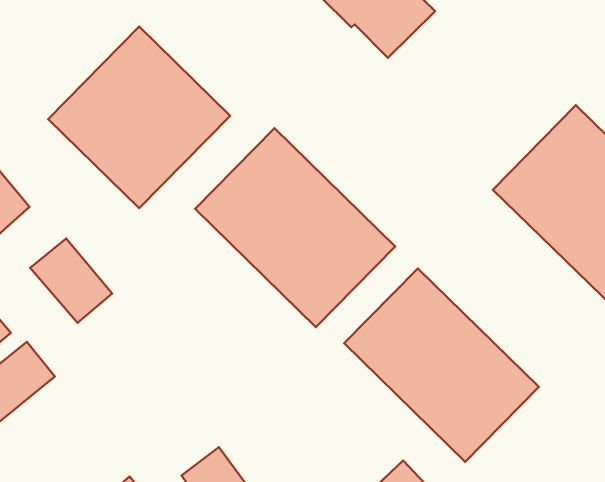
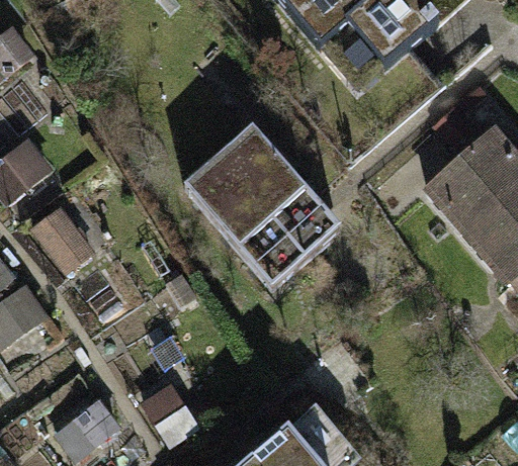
building: [48,26,230,208] -> none
building: [344,268,539,462] -> none

